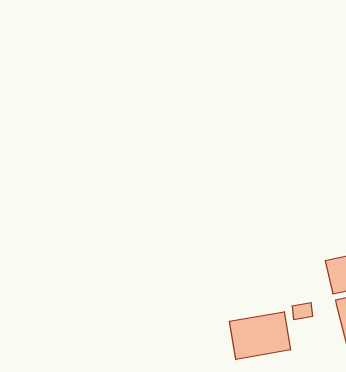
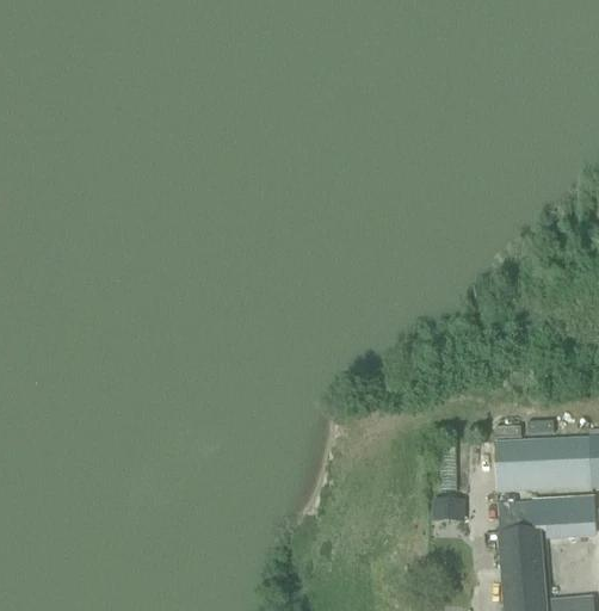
building: [229,312,291,360] -> none

